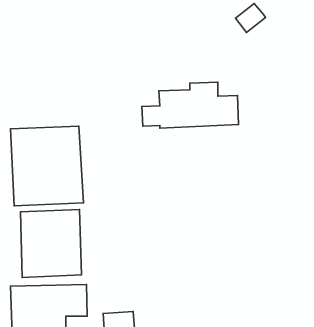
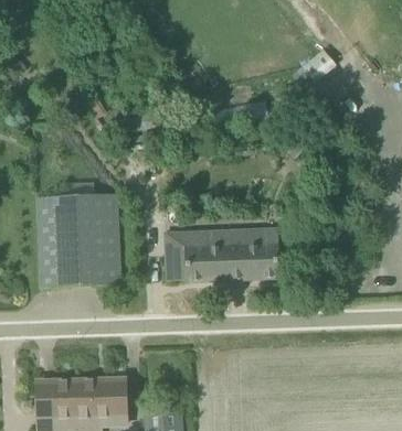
building: [142,82,239,128] -> [165,228,278,282]
building: [21,209,82,278] -> none

